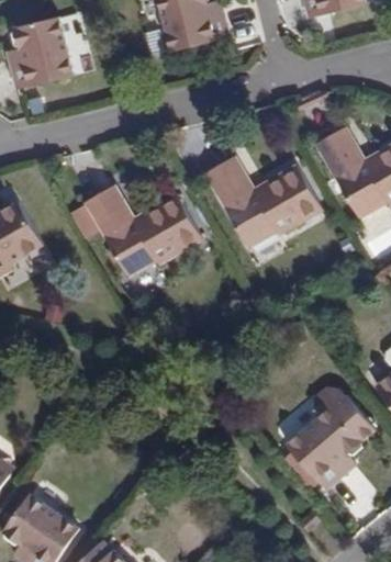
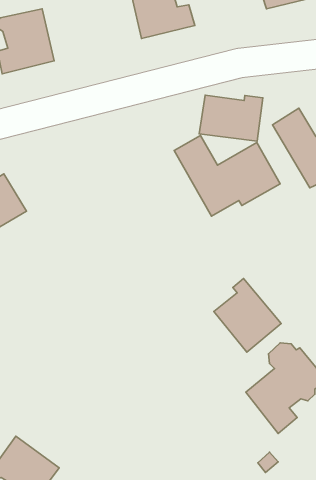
building: none -> [199,95,263,141]
building: [82,183,201,274] -> none
building: none -> [214,278,281,352]

